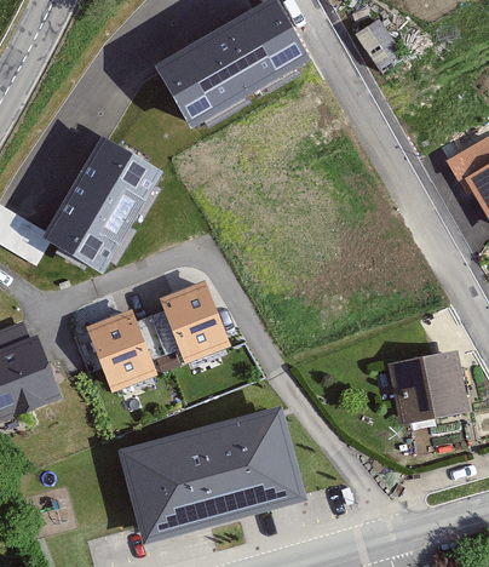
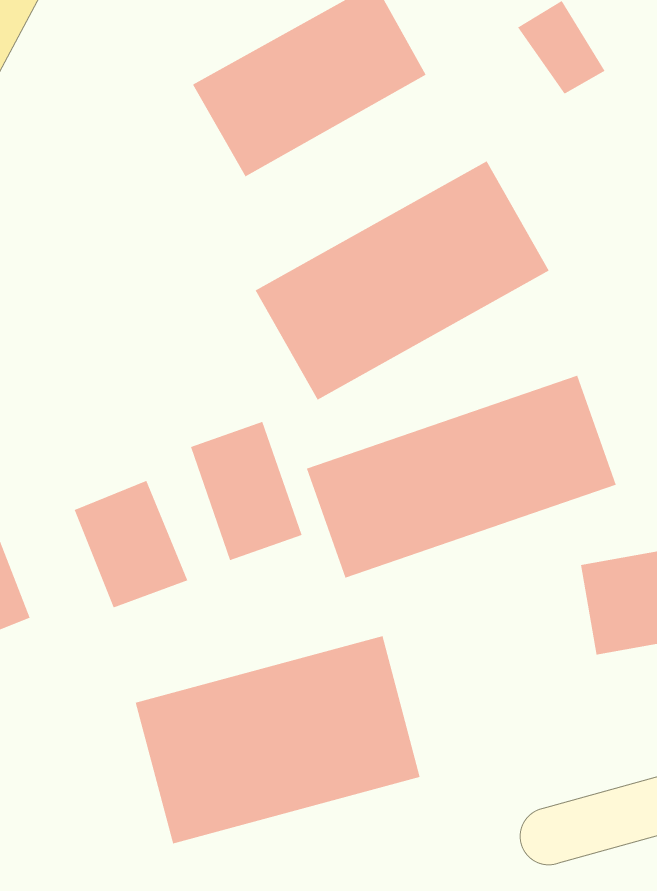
building: none -> [255,161,549,401]
building: [48,142,159,270] -> none
building: none -> [306,375,616,578]

